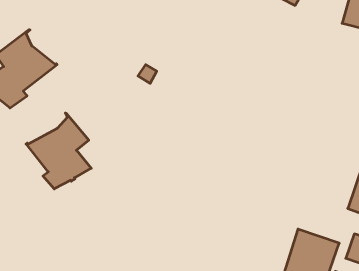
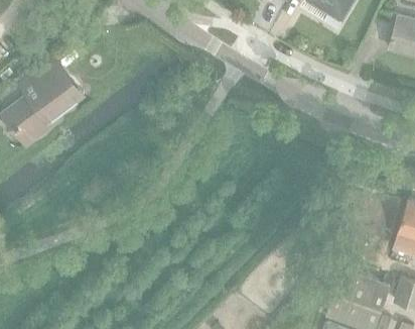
building: [26,113,91,189] -> none

